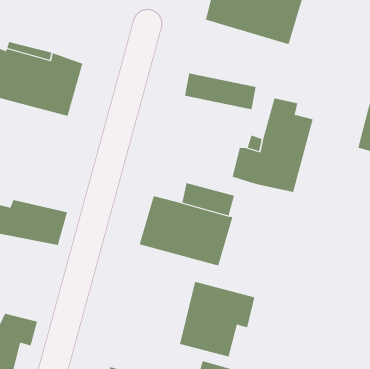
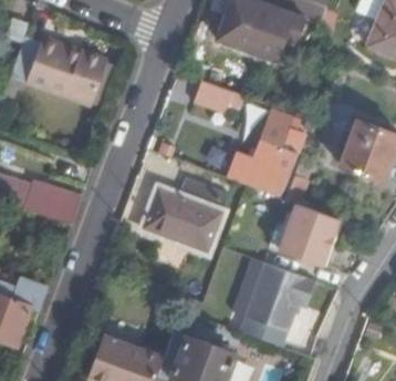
building: none -> [279,200,337,264]
building: [179,281,255,357] -> [242,260,313,330]

